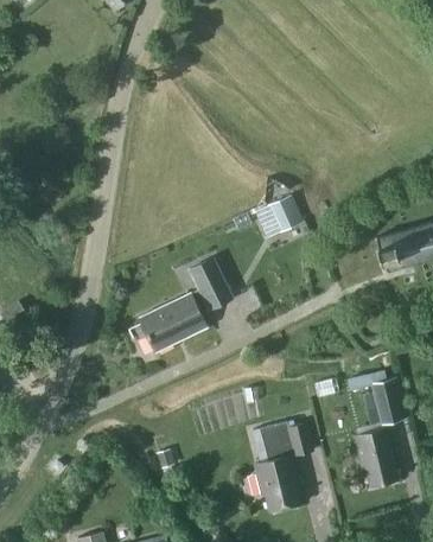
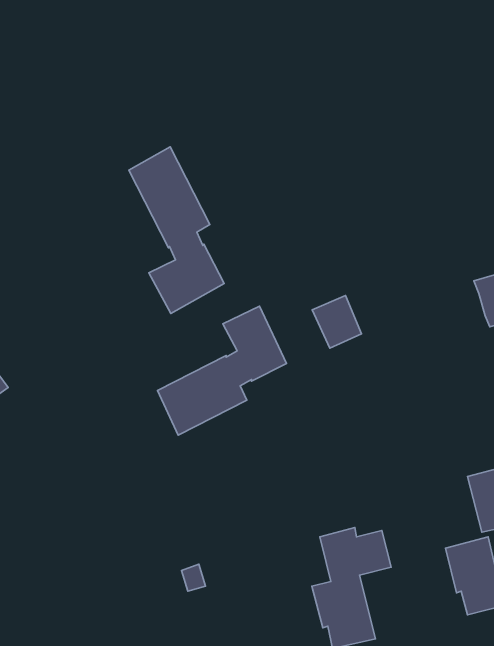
building: none -> [129,147,224,313]
building: [267,195,304,234] -> [312,296,362,348]

